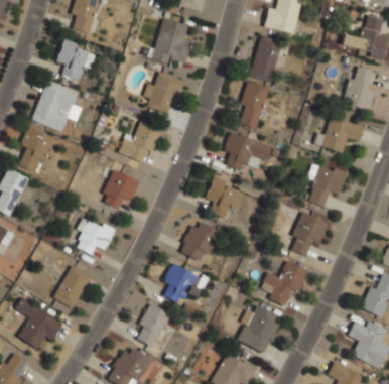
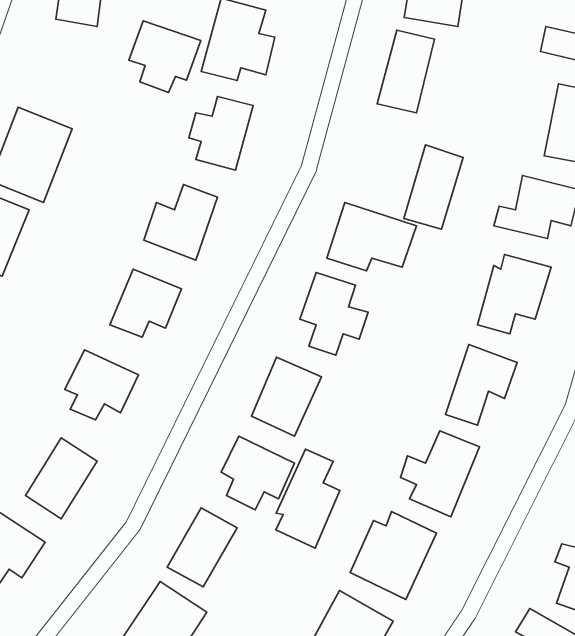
building: [56,39,97,80] -> [129,21,201,93]
building: [236,81,269,128] -> [404,145,463,229]
building: none -> [276,449,340,548]

